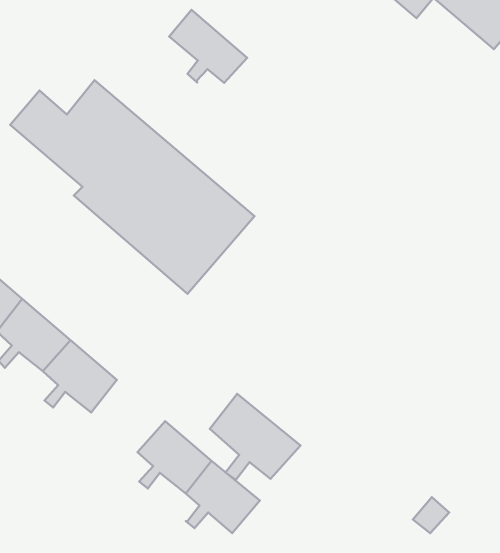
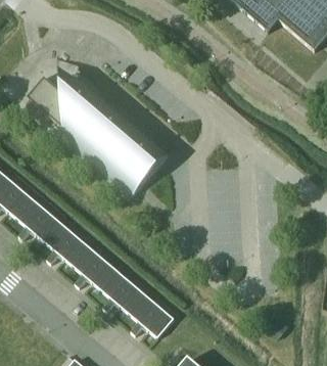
building: [169,10,247,83] -> none
building: none -> [74,246,118,289]
building: [210,394,300,480] -> none

